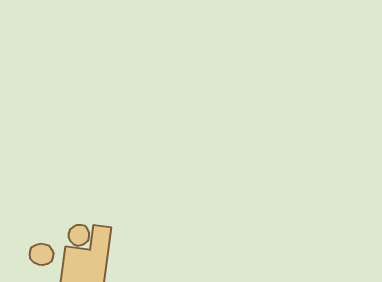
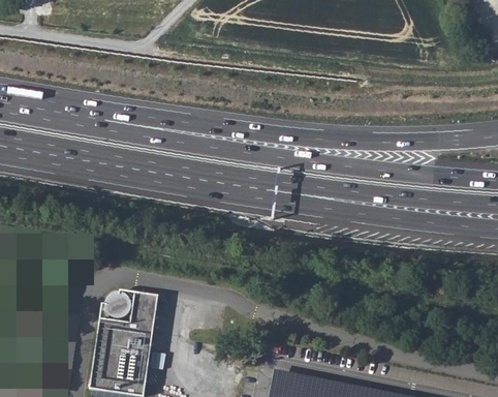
building: [30,244,53,265] -> none

